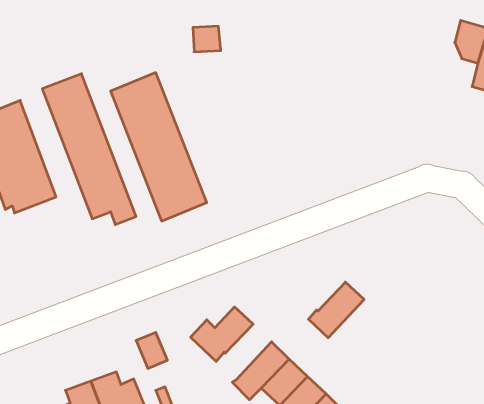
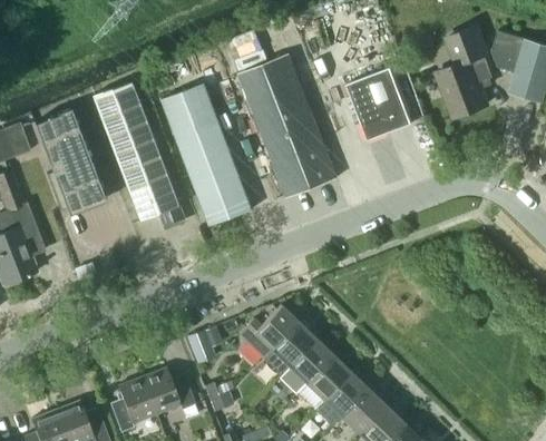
building: none -> [437,24,491,117]
building: none -> [238,55,337,197]
building: none -> [345,68,411,140]
building: [308,282,364,338] -> [262,322,315,375]

